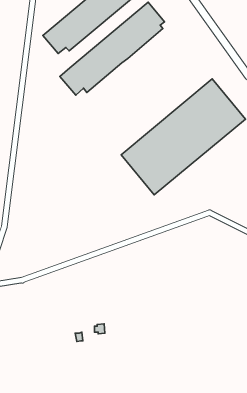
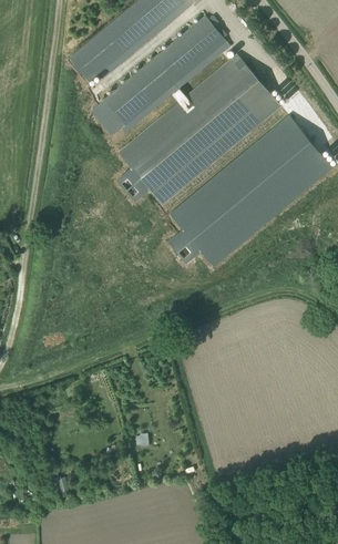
building: none -> [117,54,280,204]

